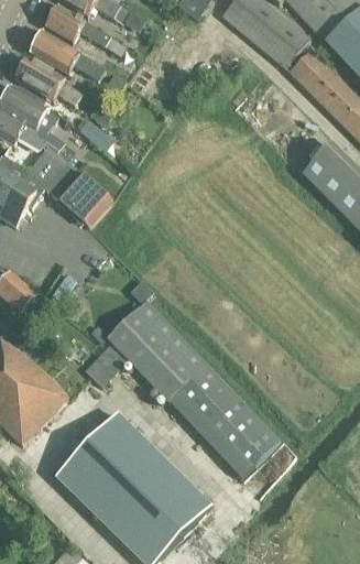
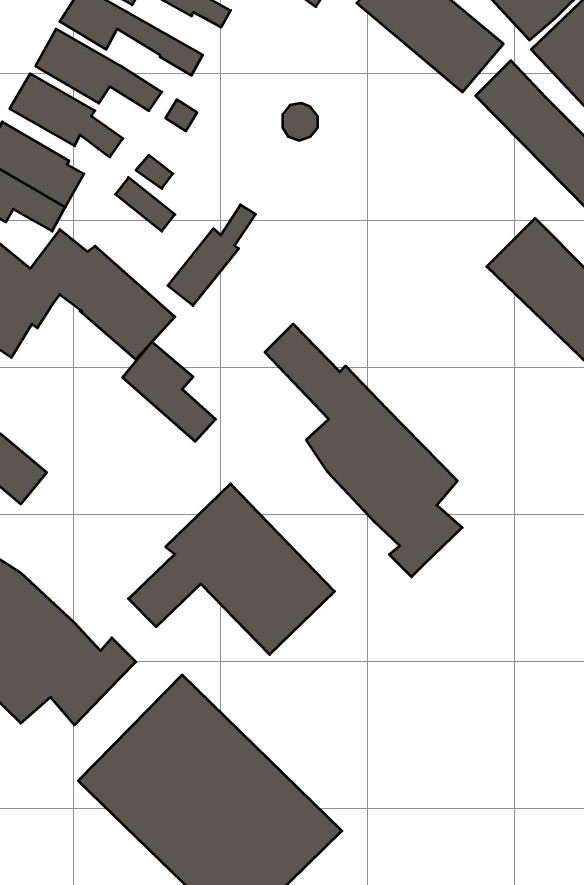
building: none -> [168,205,256,306]
building: none -> [265,324,462,577]
building: none -> [123,342,216,441]
building: [168,362,280,476] -> none

